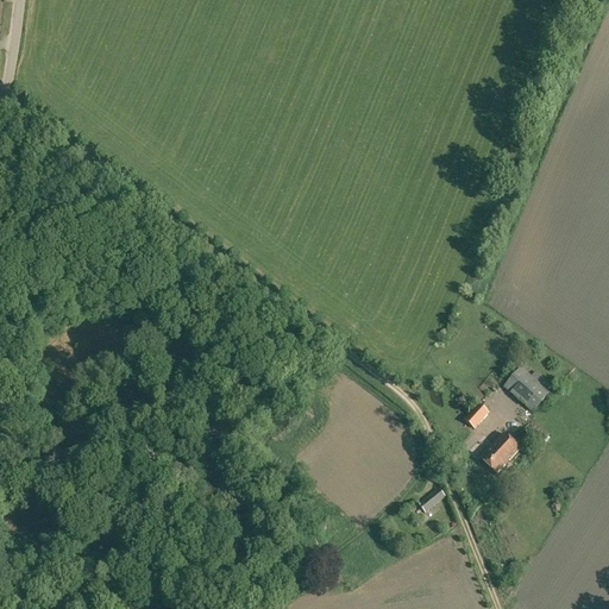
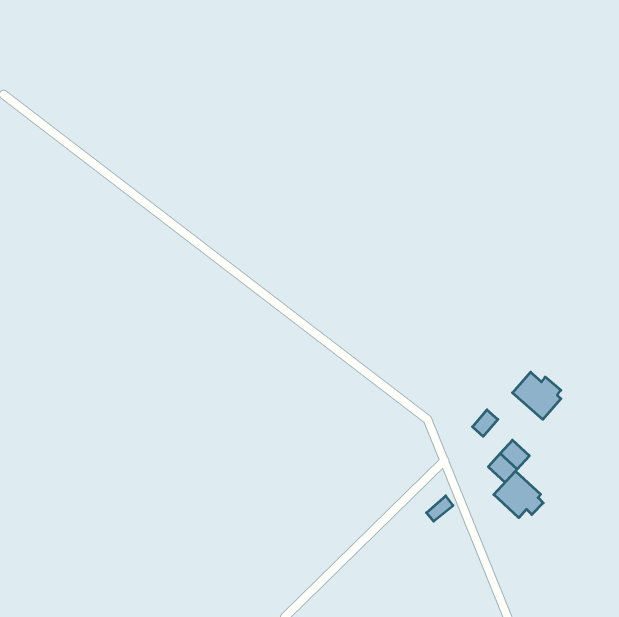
building: none -> [494,471,543,518]

